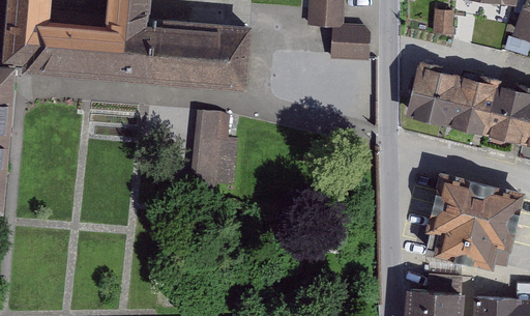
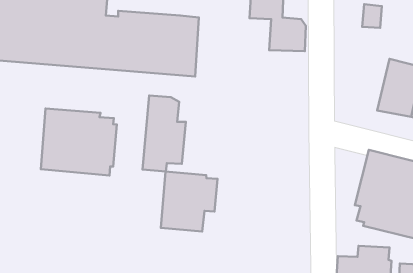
building: [405,61,462,127] -> none
building: none -> [41,108,117,175]
building: none -> [161,171,217,232]

